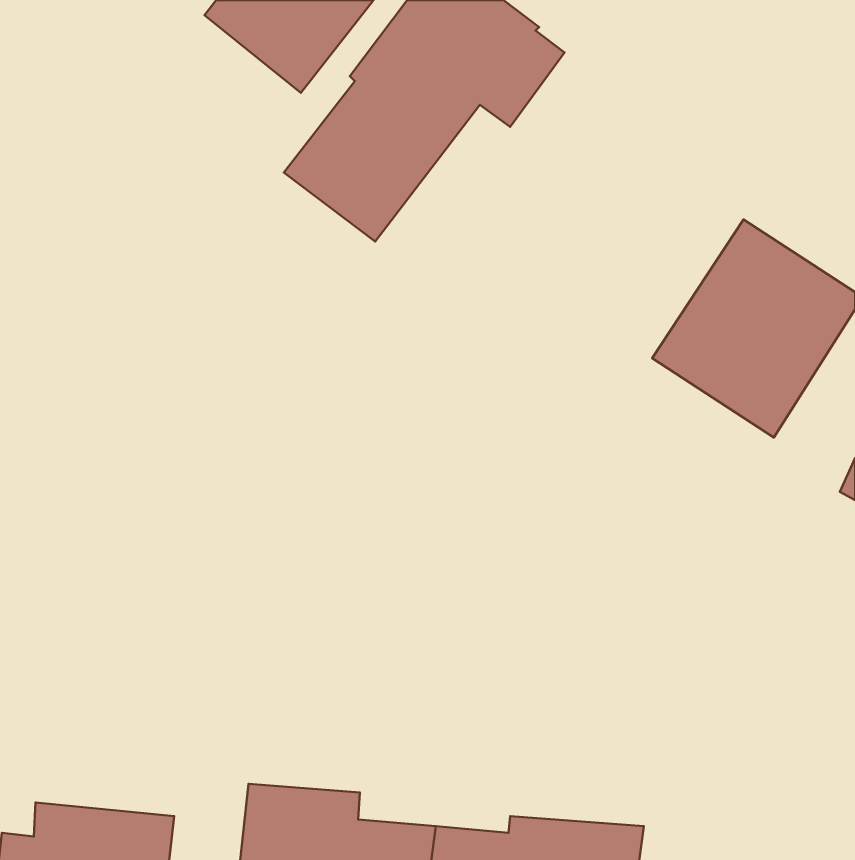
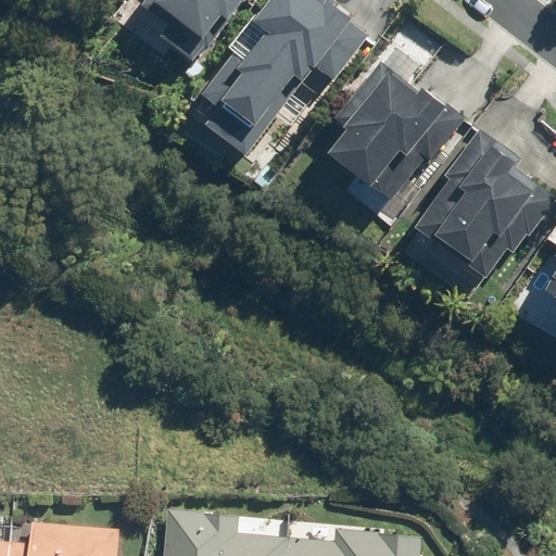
building: none -> [326,70,457,203]

